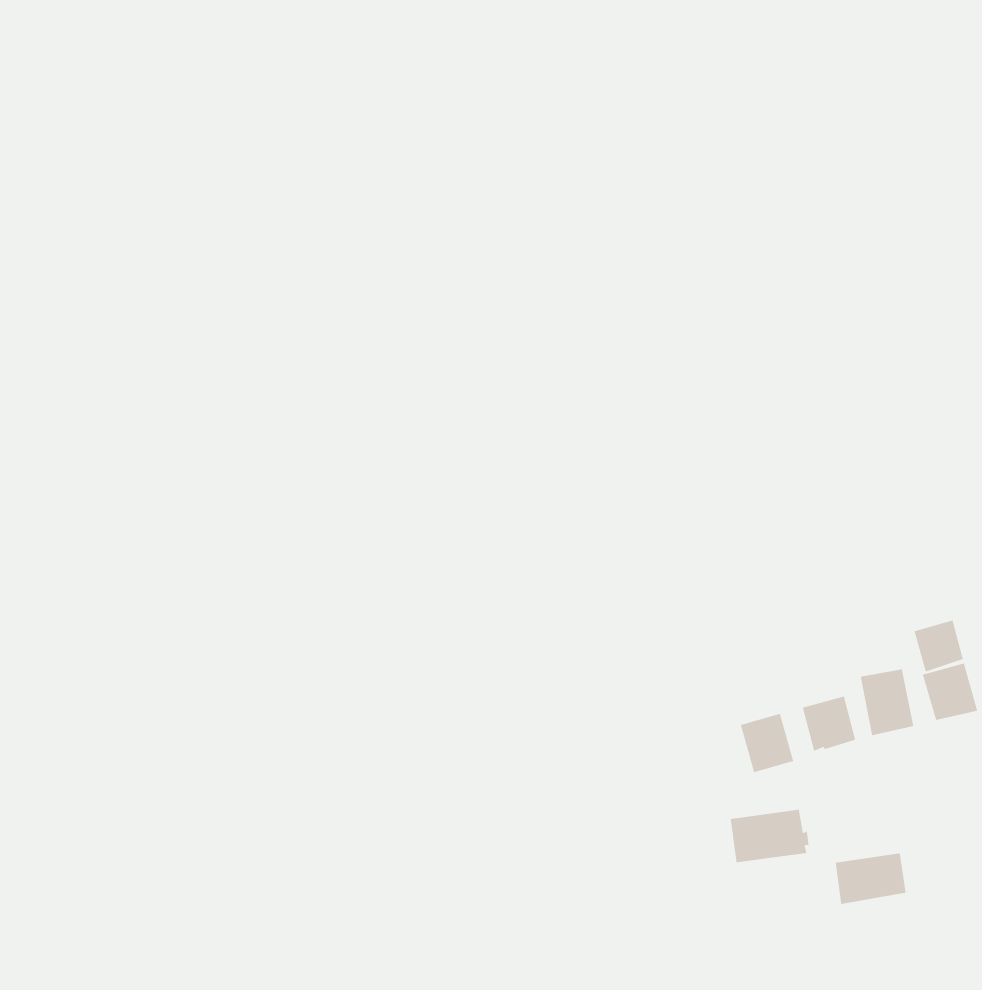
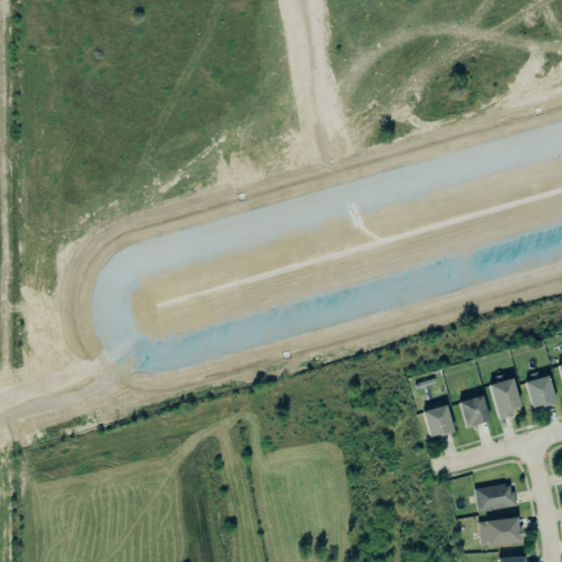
building: [914,620,964,672] -> none
building: [730,809,809,863] -> [477,516,522,547]

